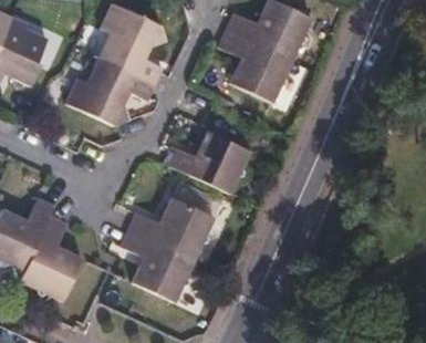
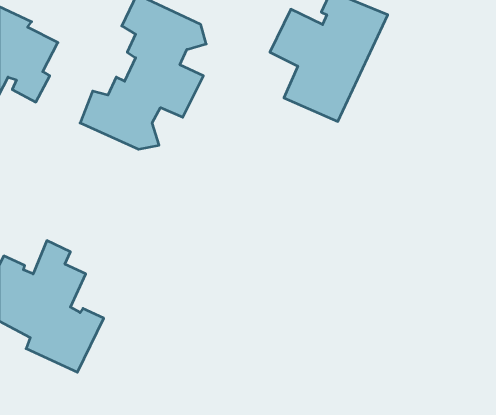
building: [164,132,249,195] -> none
building: [122,199,212,302] -> none

